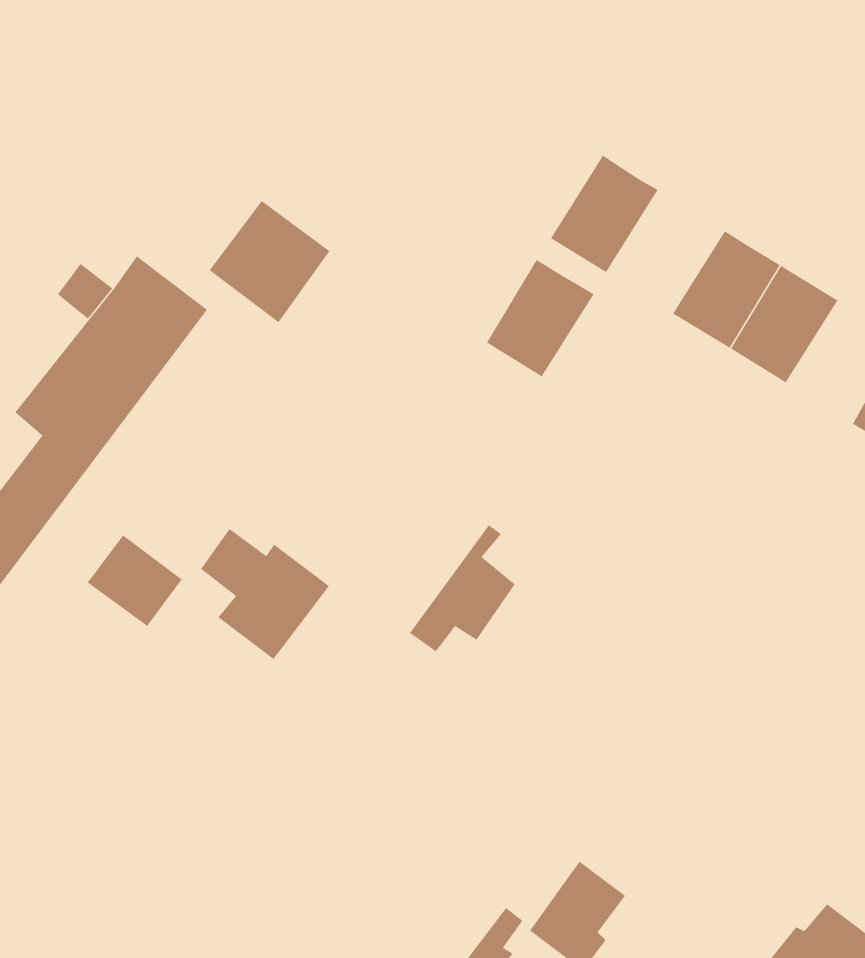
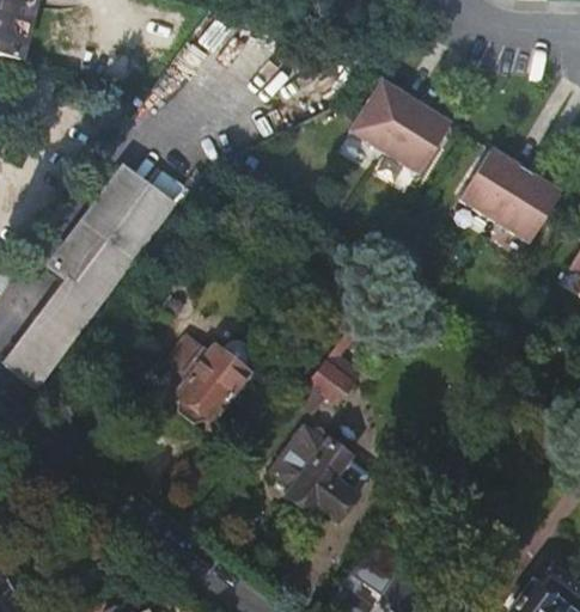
building: [209,200,330,323] -> none
building: [486,259,594,377] -> [349,81,416,154]
building: [87,534,182,627] -> none
building: none -> [275,426,355,518]

